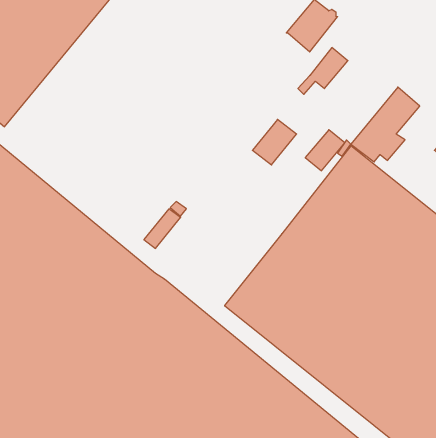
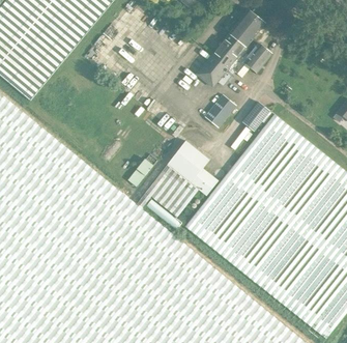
building: [351,87,420,162] -> [196,34,244,87]
building: none -> [136,141,216,219]

